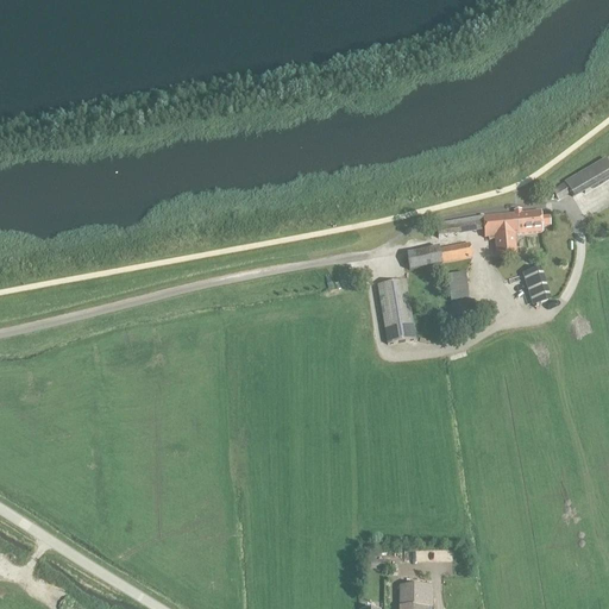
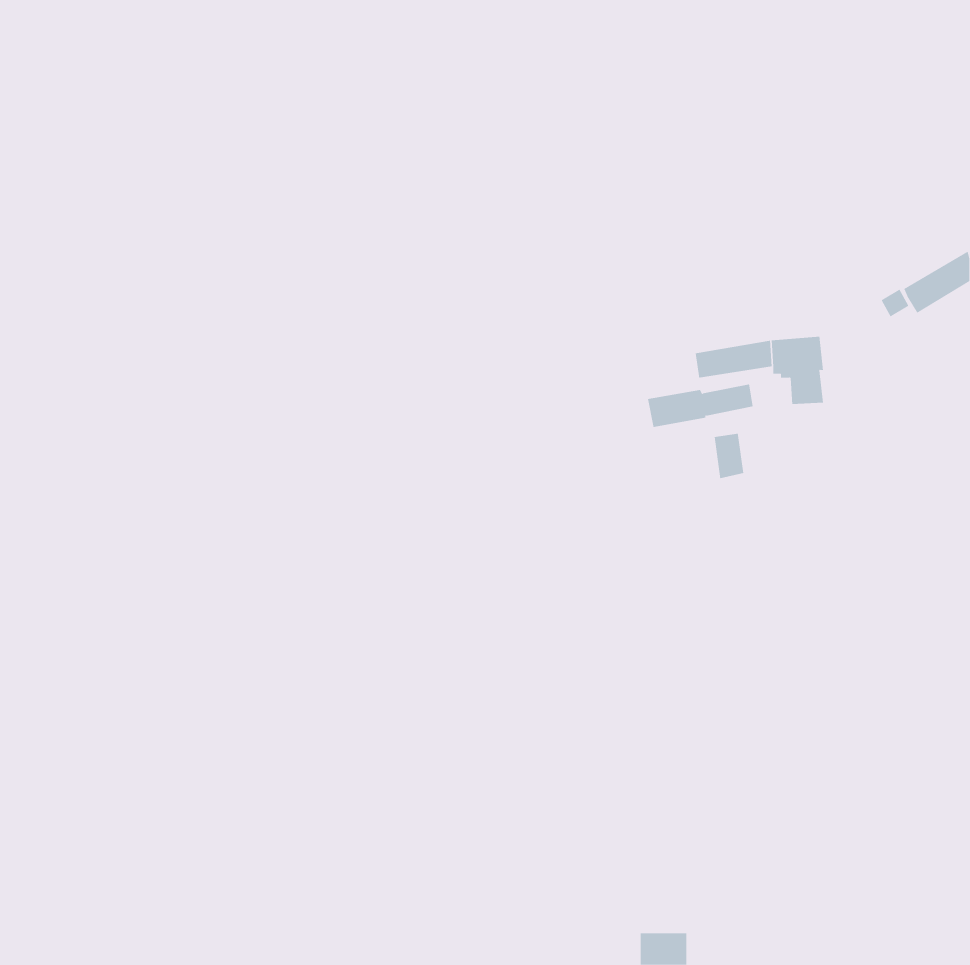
building: [514,208,542,232] -> none
building: [521,265,551,303] -> none
building: [377,278,416,343] -> none

